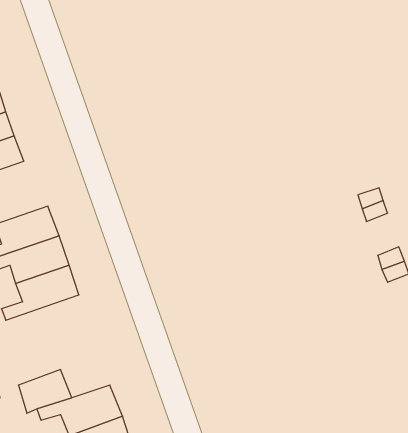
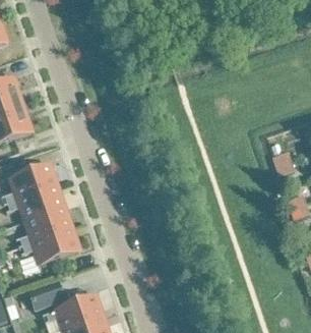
building: none -> [18,228,79,263]

